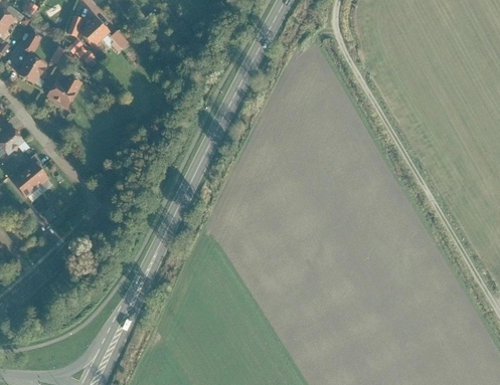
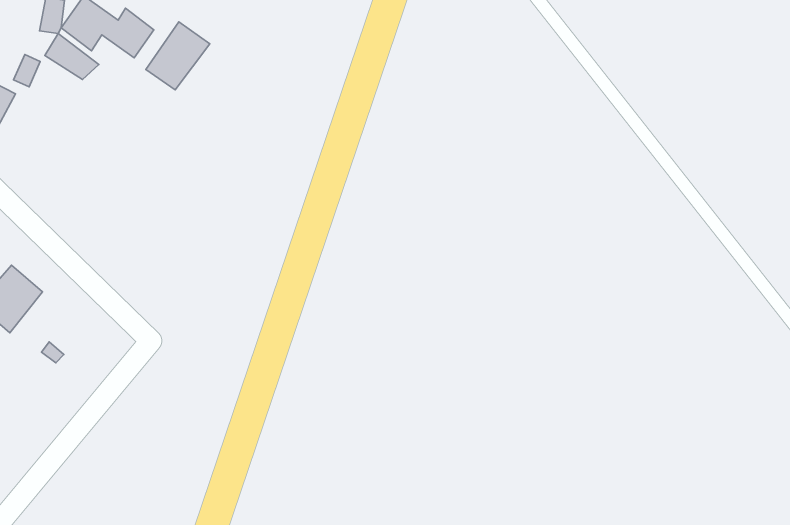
building: none -> [146,22,210,90]
building: [46,74,85,110] -> none

